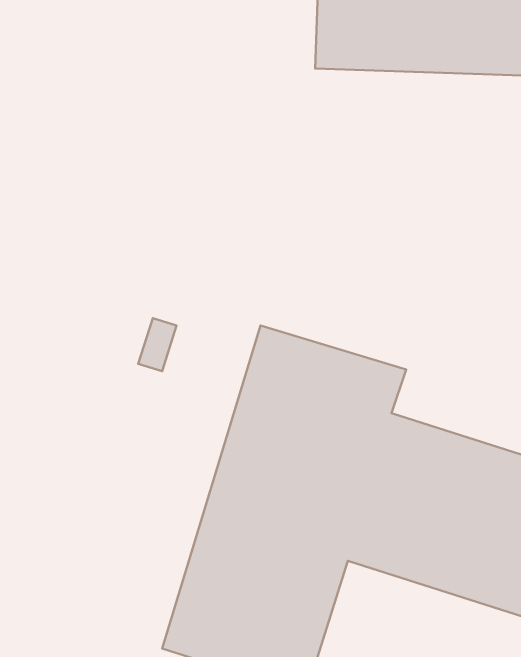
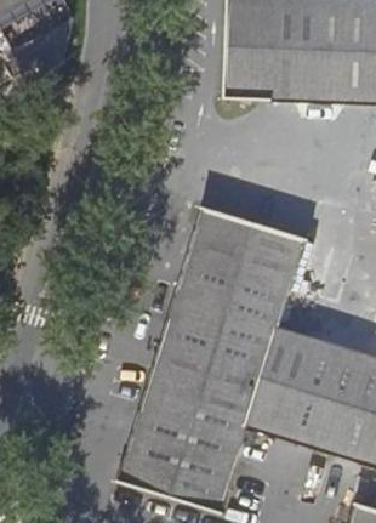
building: none -> [187,205,302,295]

